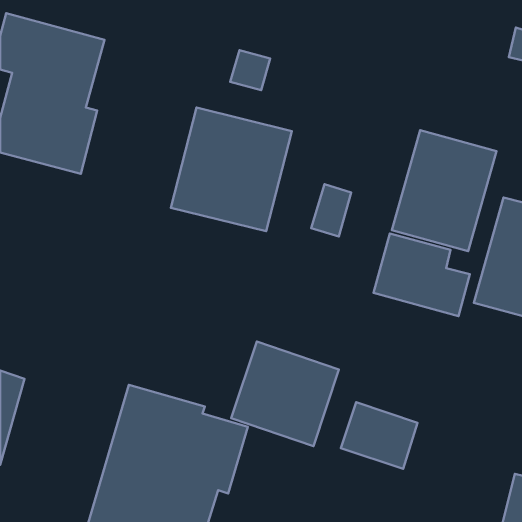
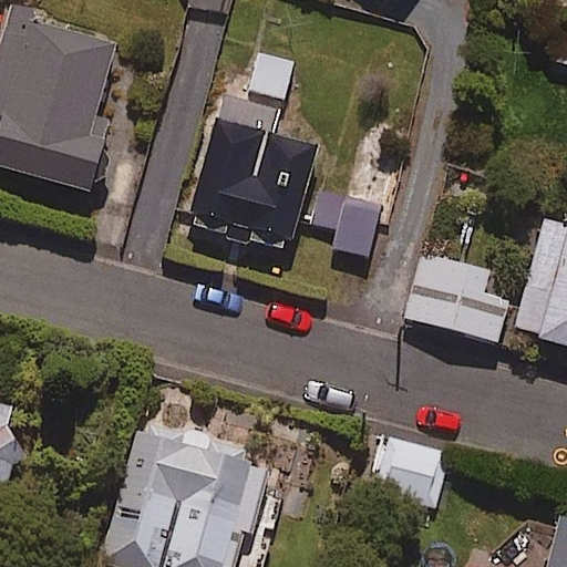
building: [392,130,496,251] -> none
building: [231,341,339,446] -> none

